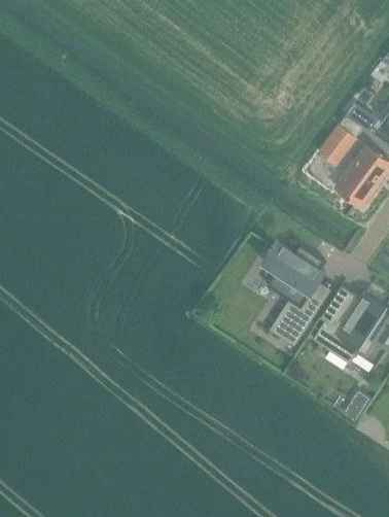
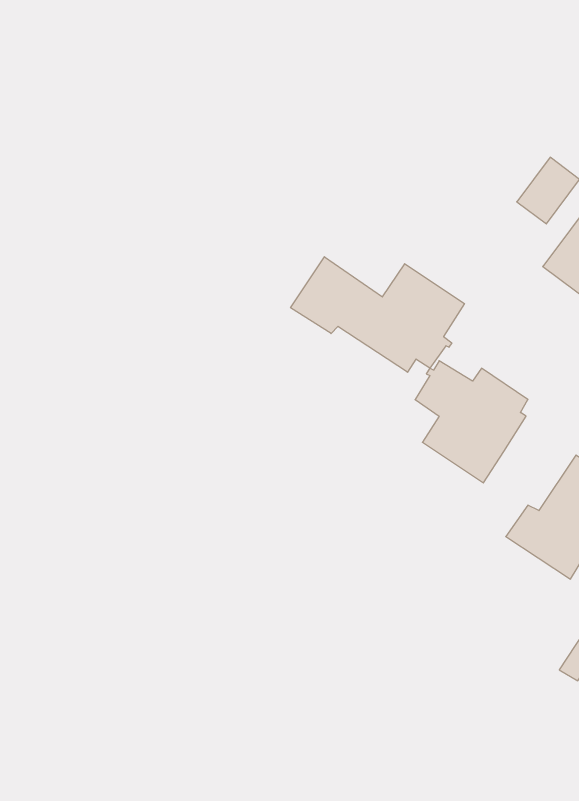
building: none -> [291,257,464,372]
building: [280,290,324,342] -> none

